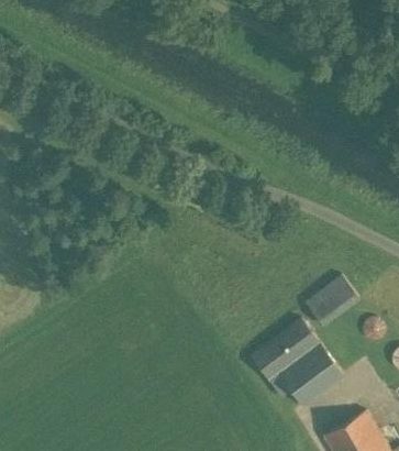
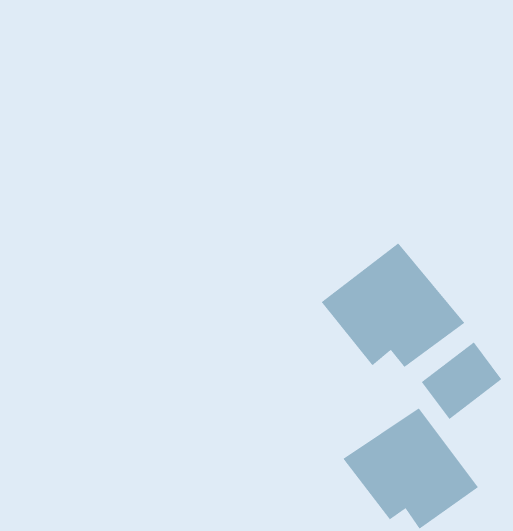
building: none -> [321,243,465,368]

